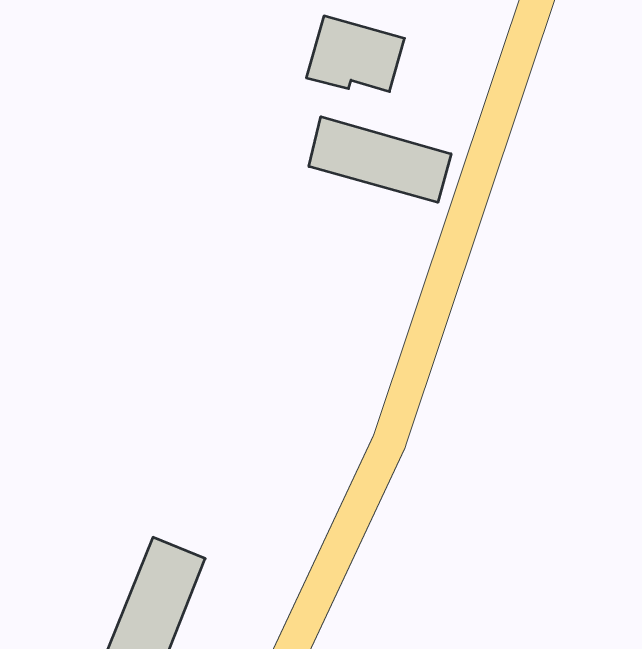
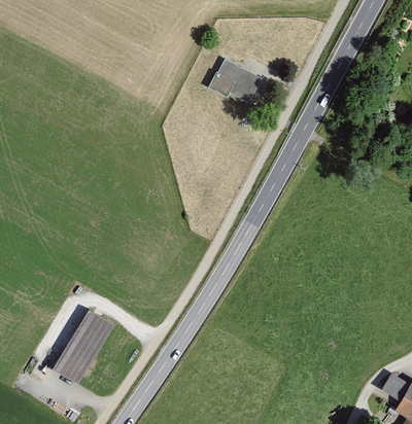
building: [309,117,451,202] -> none

